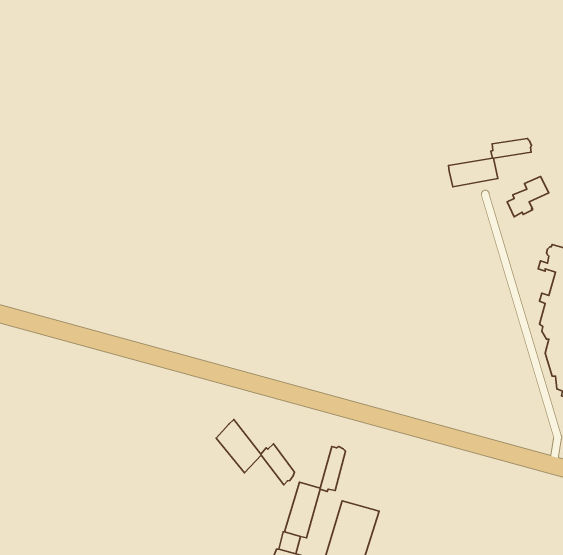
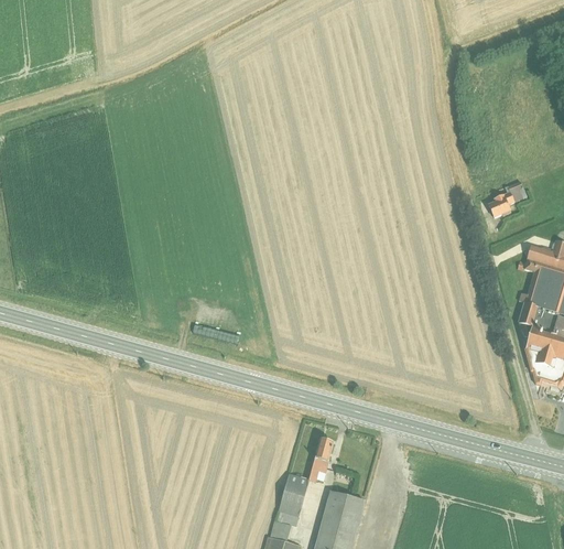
building: [449,138,532,187] -> none
building: [216,420,295,485] -> none

